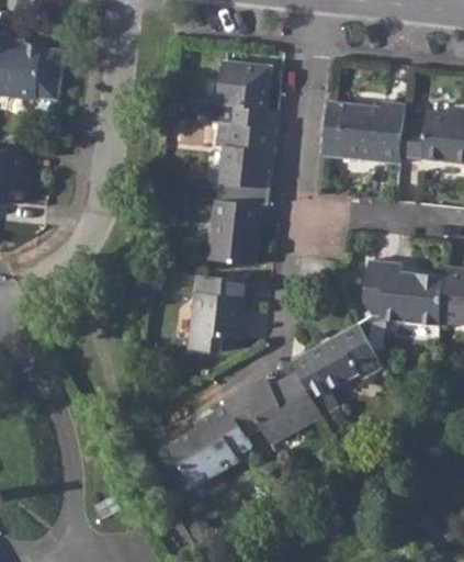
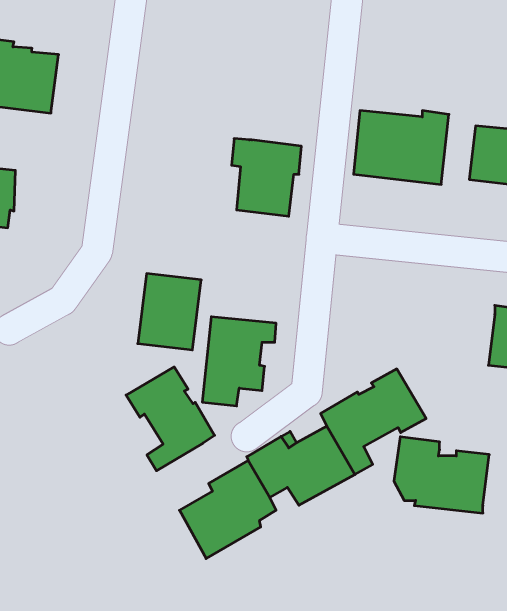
building: [216,65,275,131] -> none
building: [206,201,261,267] -> [138,274,201,350]
building: [359,260,441,326] -> [394,437,489,513]
building: none -> [126,367,215,471]

